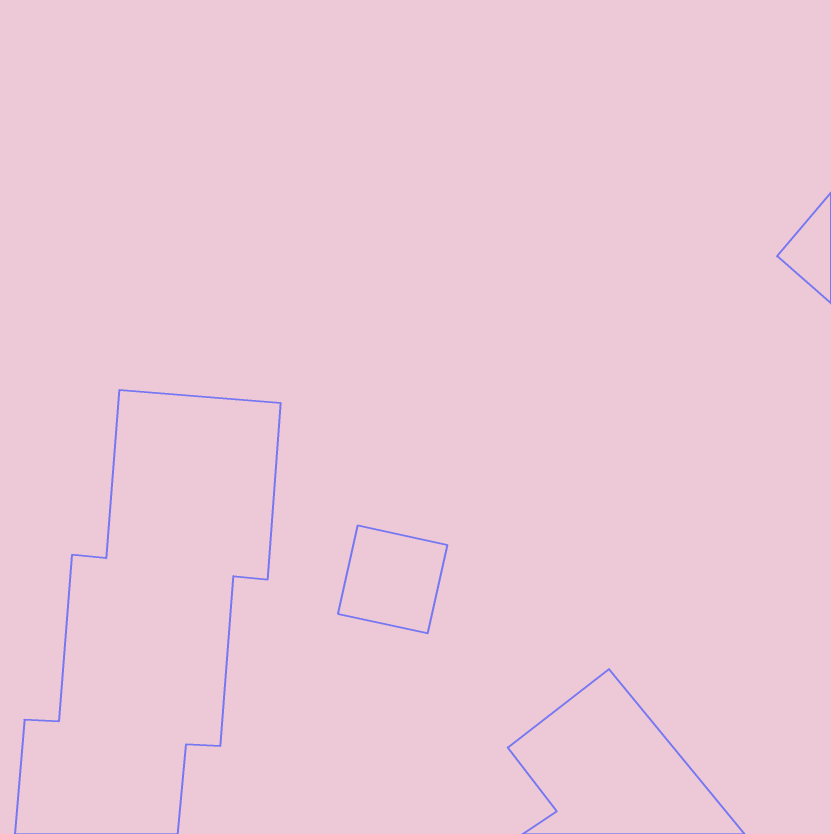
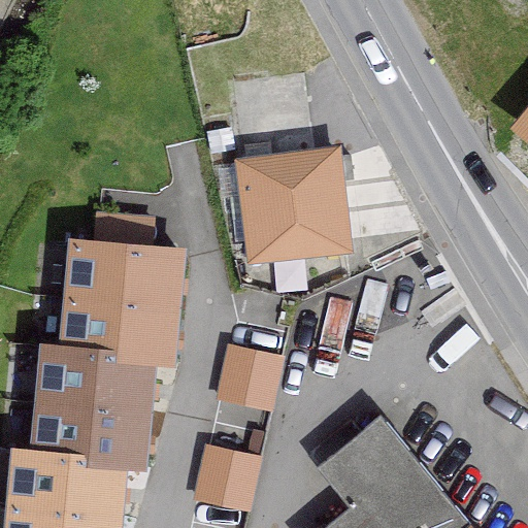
building: none -> [240,156,353,267]
building: none -> [193,433,260,499]

